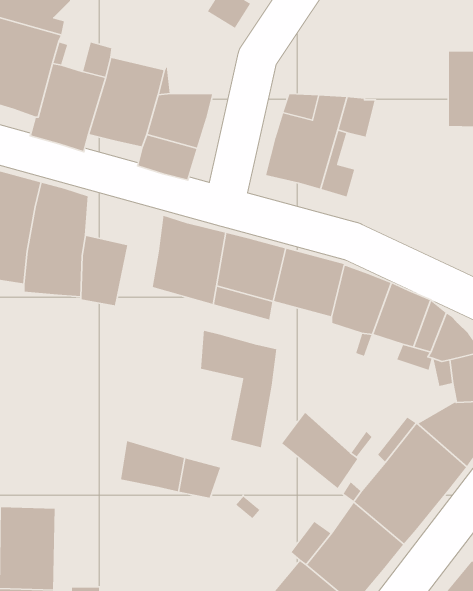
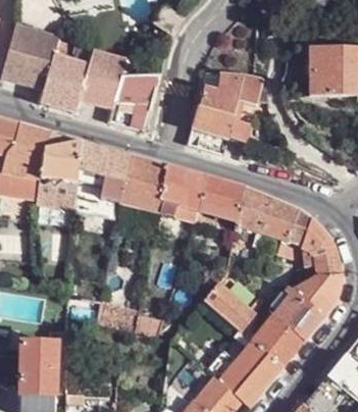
building: [200,330,277,448] -> [75,142,125,218]

